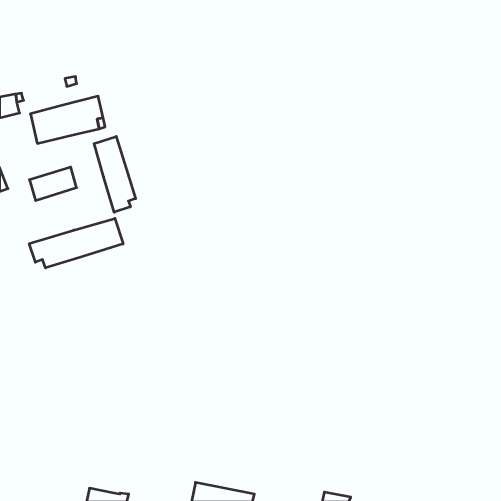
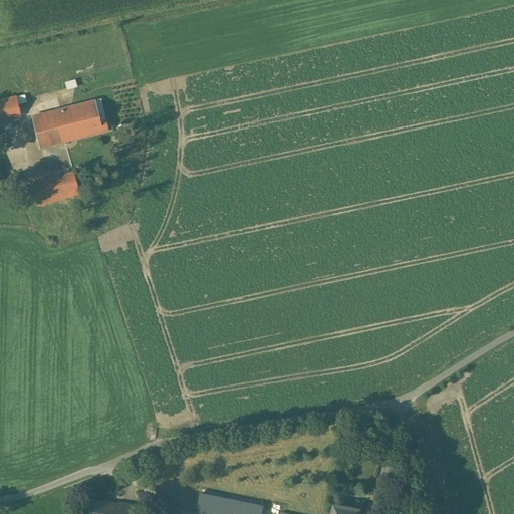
building: [94,136,136,212] -> none
building: [29,218,123,268] -> none

